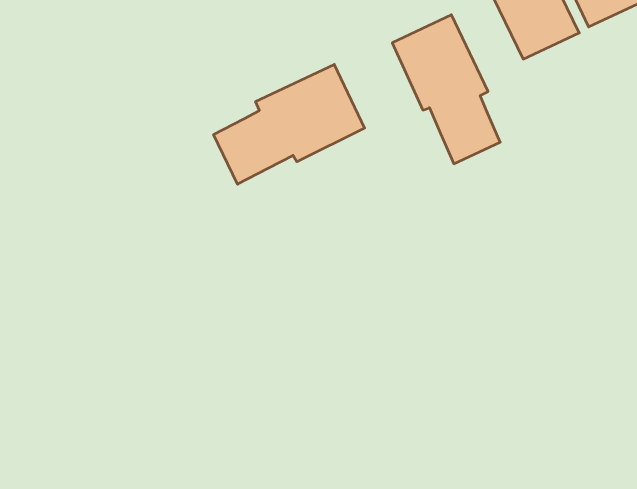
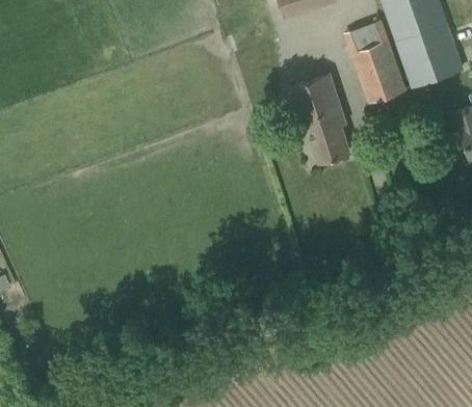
building: [214,64,365,184] -> none

